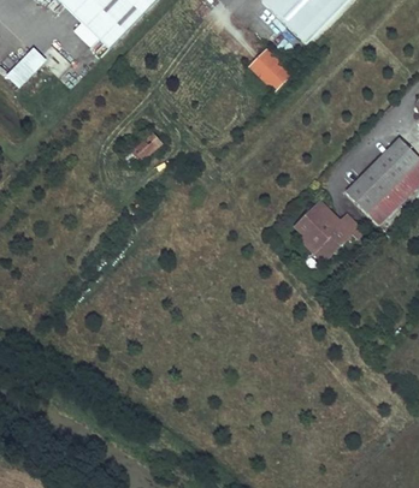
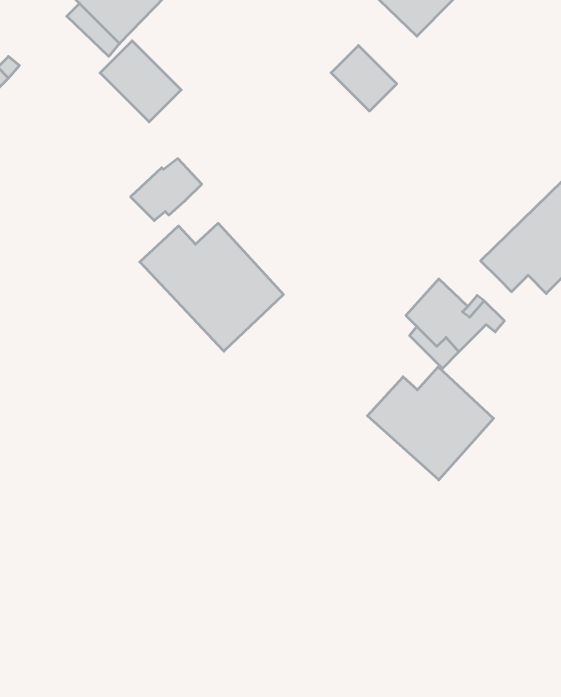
building: none -> [100,41,181,122]
building: none -> [140,223,283,351]
building: none -> [367,367,494,480]

